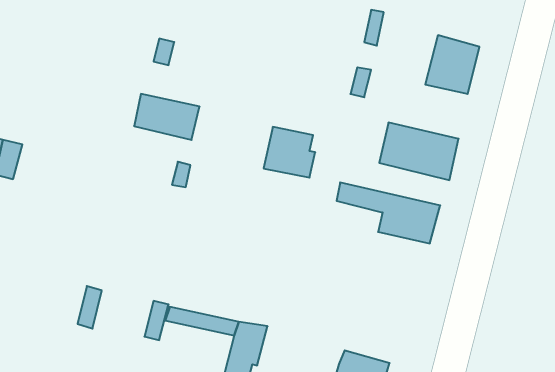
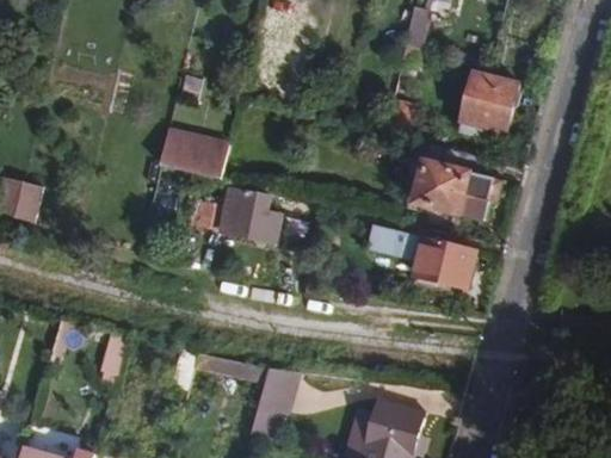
building: [264,127,315,178] -> [218,187,272,240]

